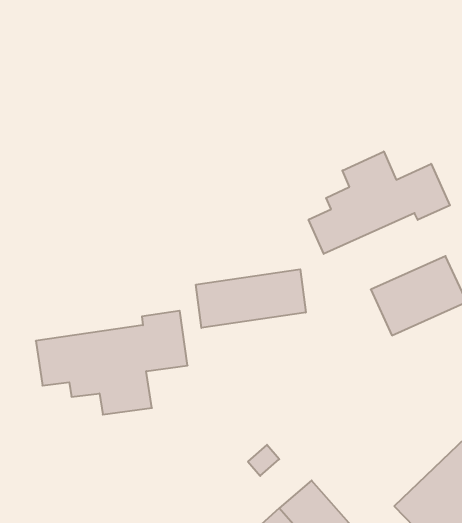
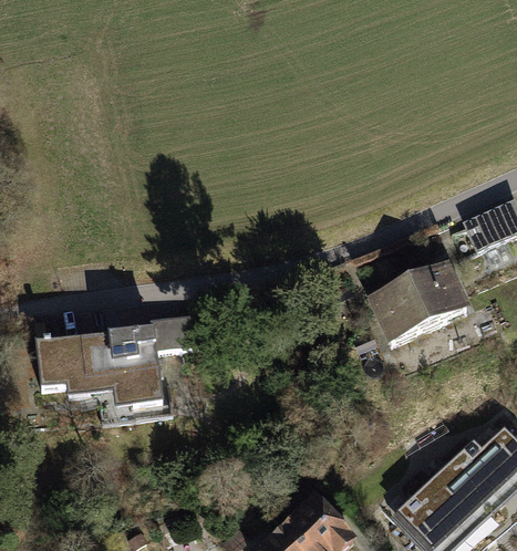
building: [309,151,450,254] -> none
building: [196,269,306,328] -> none

